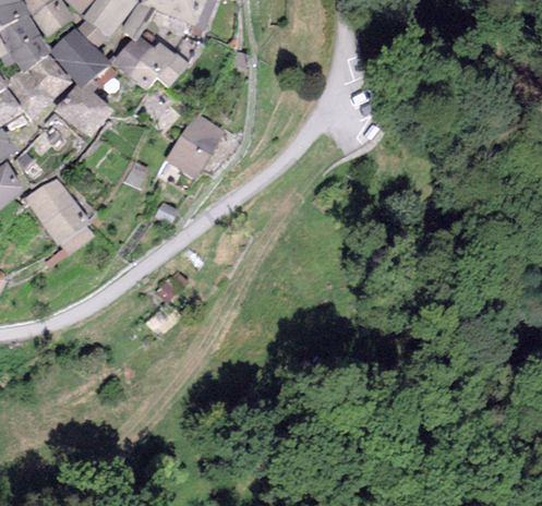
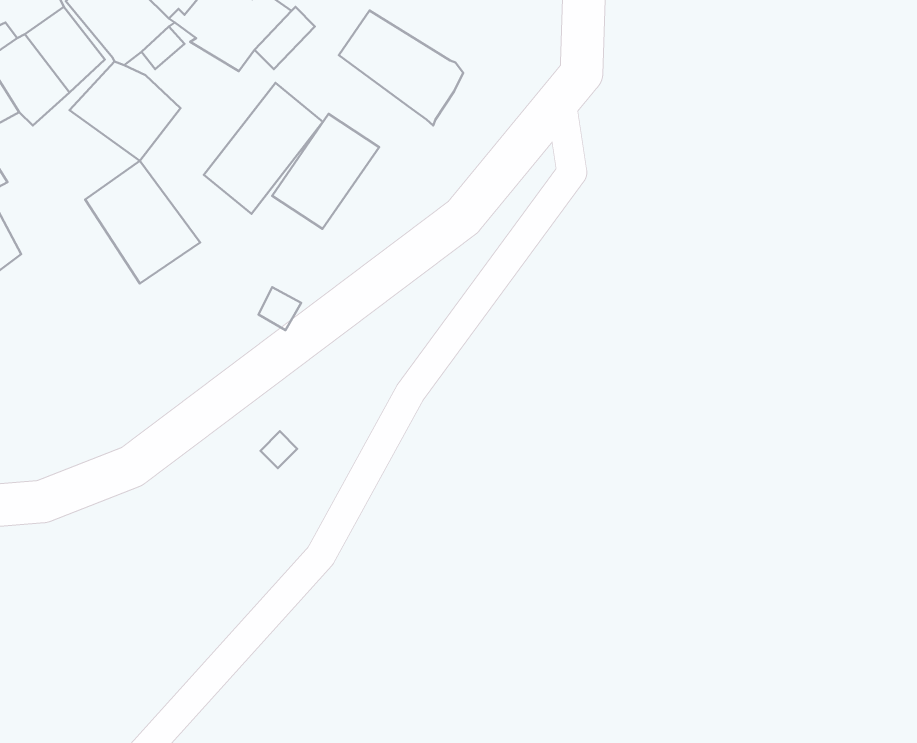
building: none -> [339,11,463,126]
building: none -> [204,83,323,214]
building: [25,176,89,244] -> [85,161,200,283]

